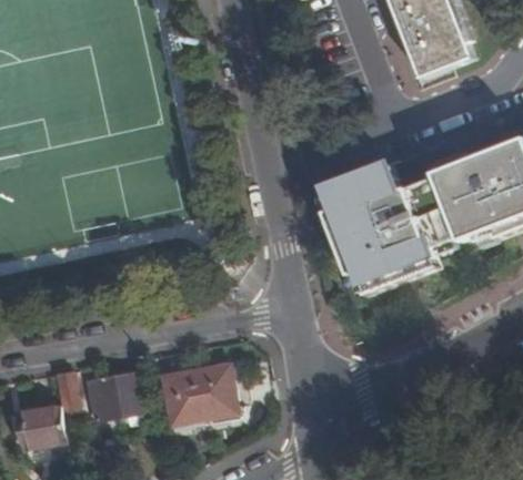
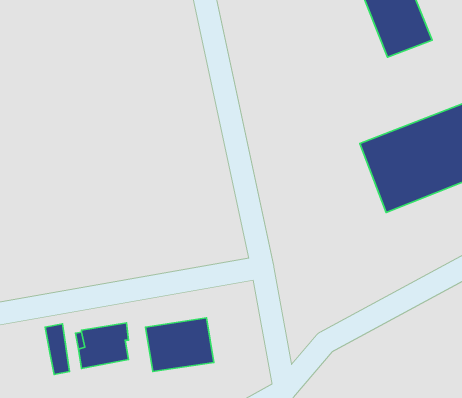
building: [324,162,429,289] -> none
building: [14,408,63,450] -> none

